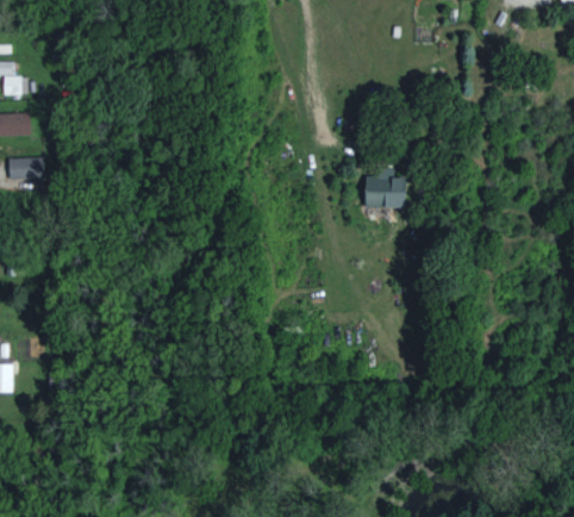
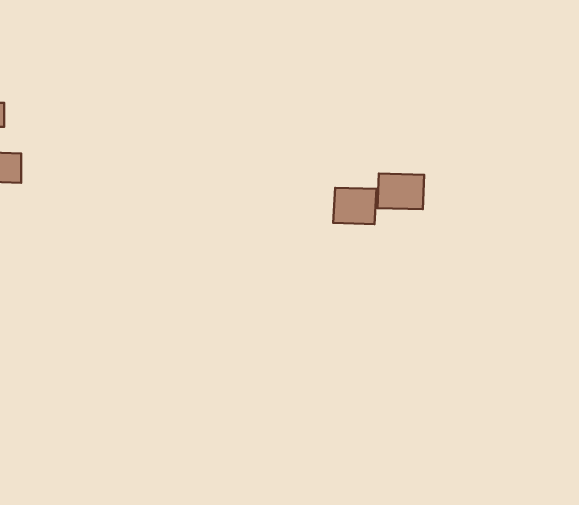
building: none -> [333,188,376,224]

